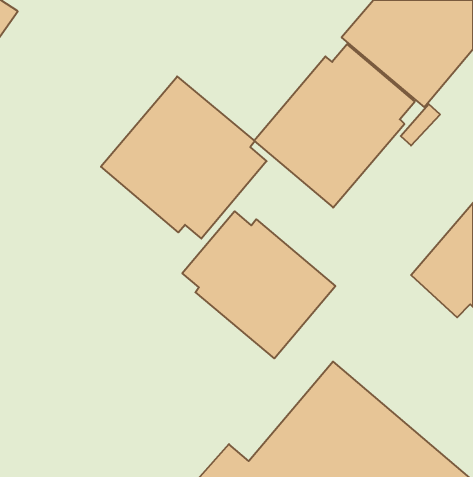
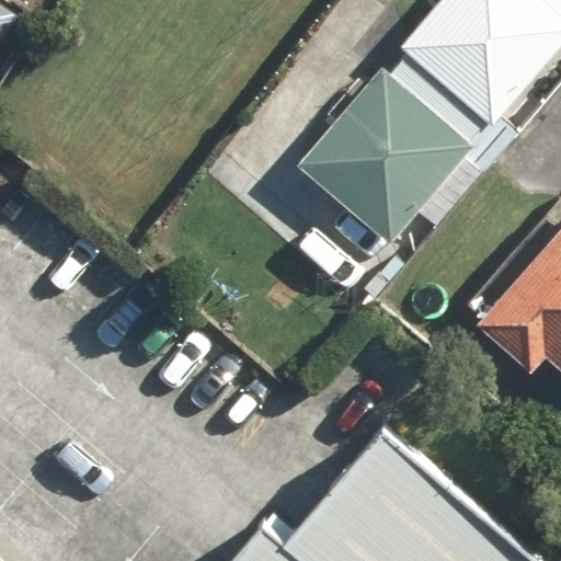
building: [101,76,267,239] -> none
building: [182,211,335,358] -> none

